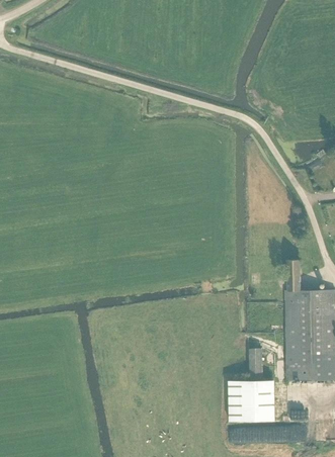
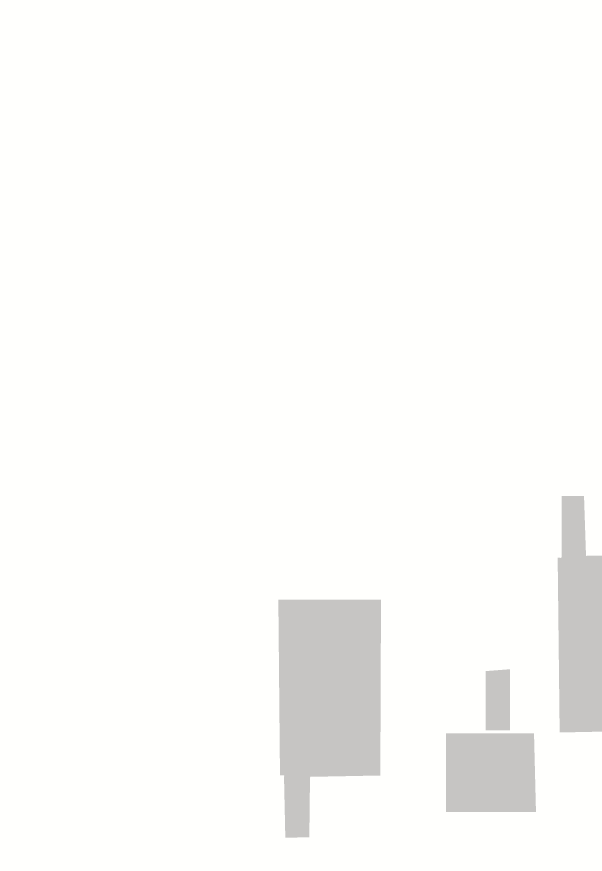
building: none -> [278,599,381,838]

